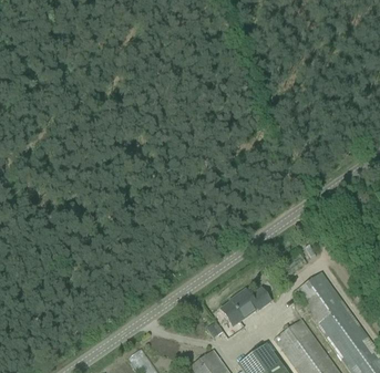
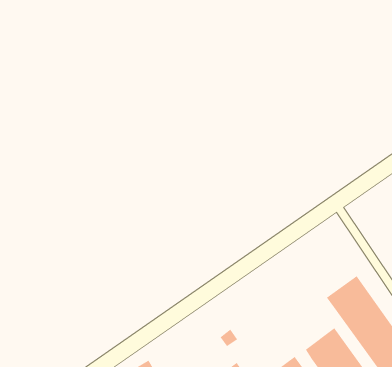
building: [220,287,271,325] -> none

